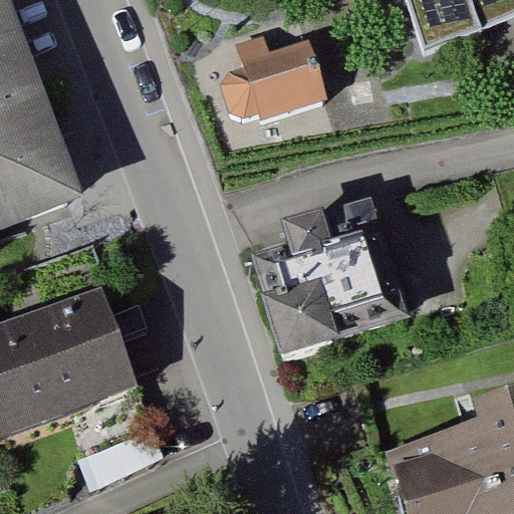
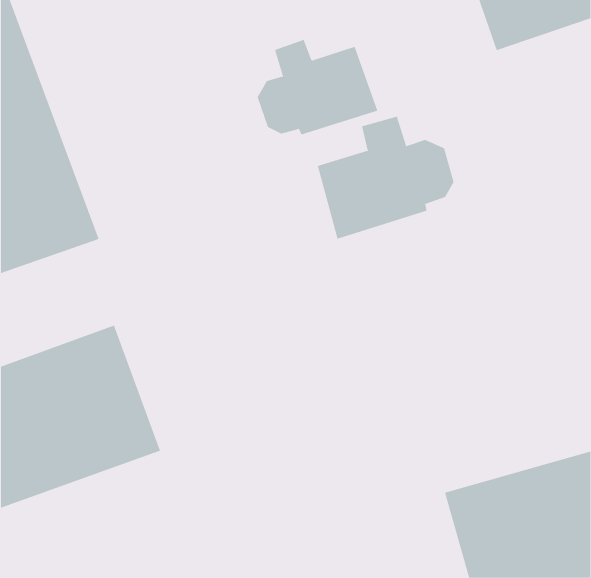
building: none -> [317,116,454,240]
building: [244,206,403,356] -> none

